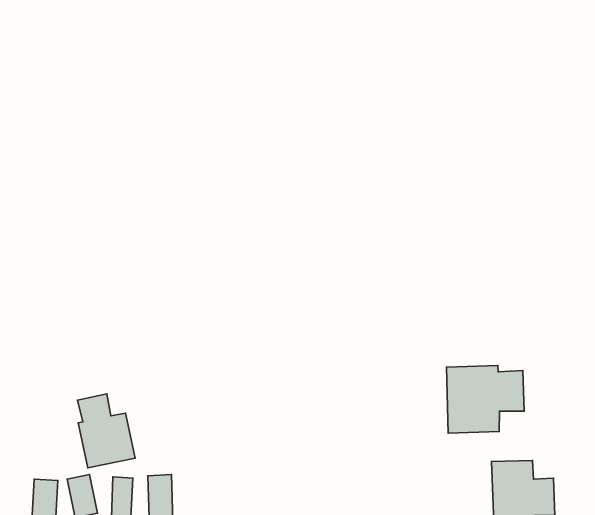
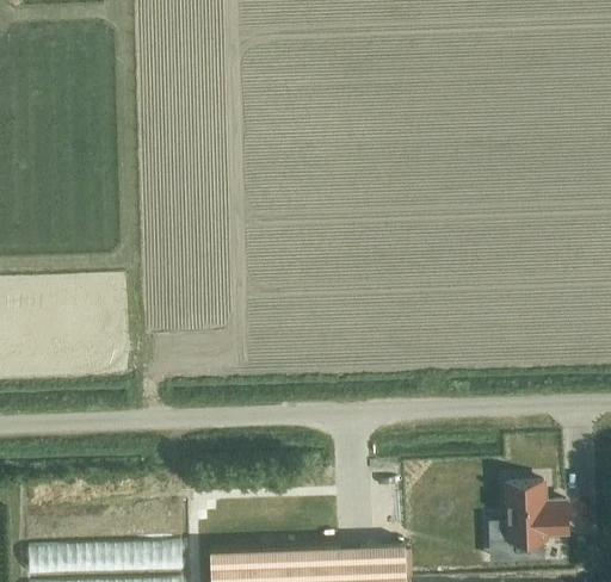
building: [447,365,524,433] -> none
building: [78,394,135,468] -> none

